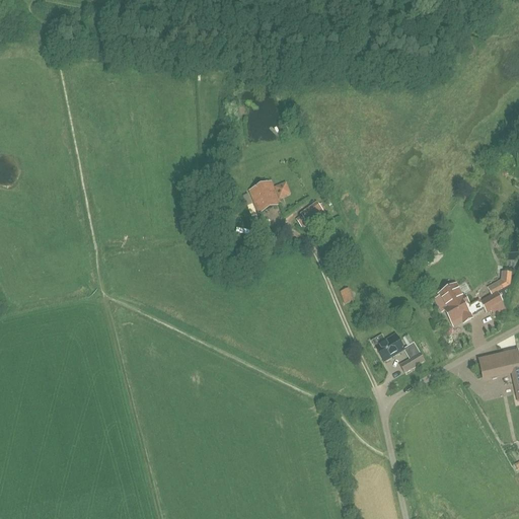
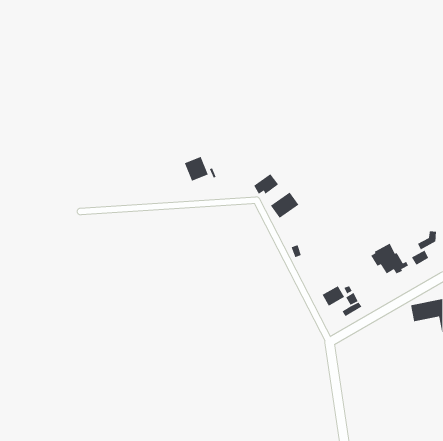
building: [250,180,280,211] -> [184,156,209,182]
building: none -> [270,191,299,219]

